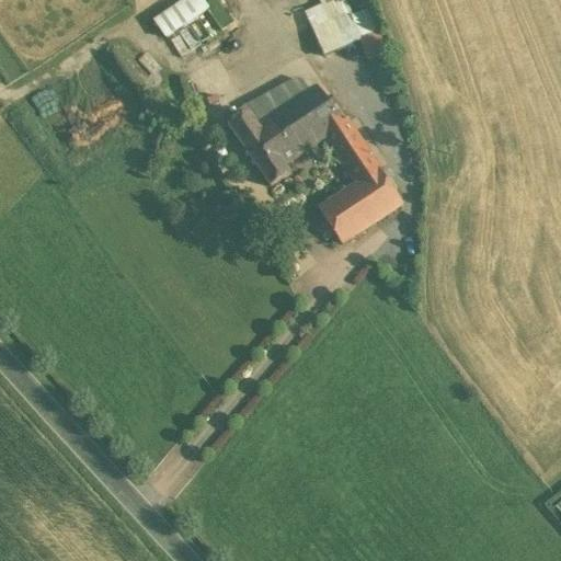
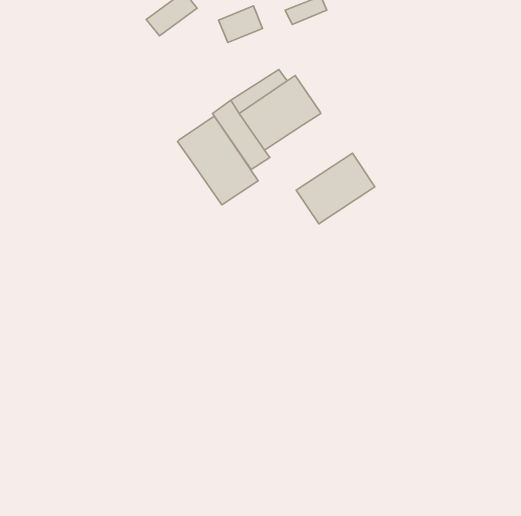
building: [313,11,360,50] -> [219,6,263,43]
building: [325,117,378,179] -> none
building: none -> [177,116,258,205]

